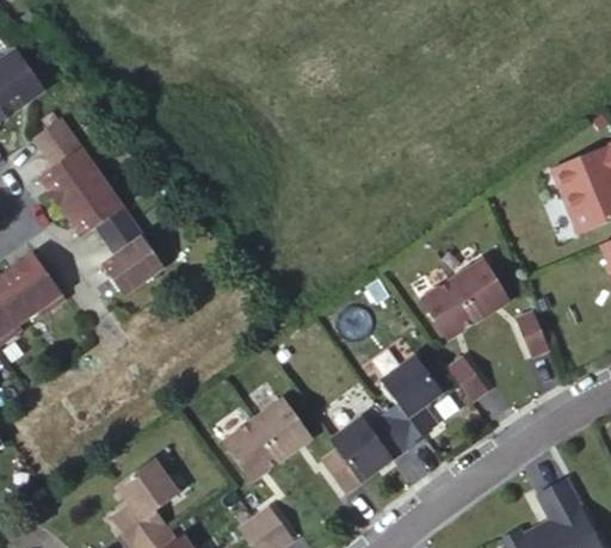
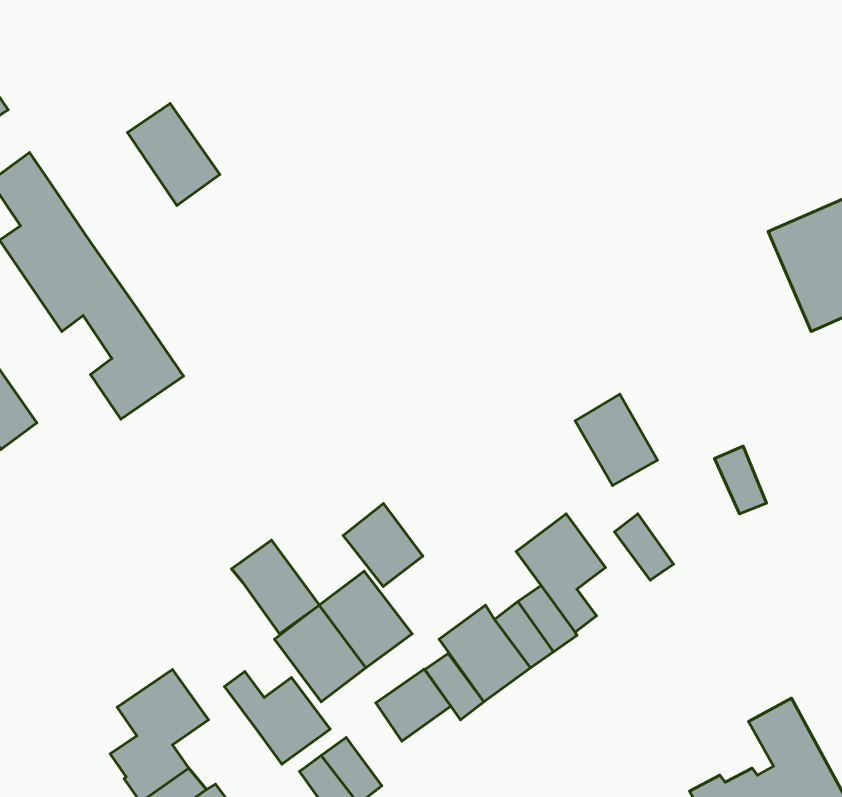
building: none -> [128,103,220,205]
building: [451,259,507,320] -> none
building: none -> [343,504,423,586]
building: none -> [231,540,320,634]
building: none -> [376,669,451,741]
building: none -> [224,672,330,764]

